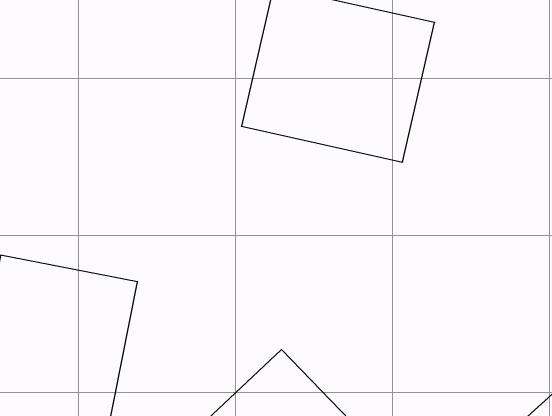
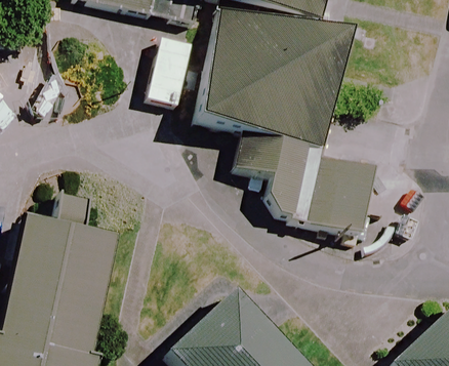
building: none -> [257,143,373,243]

